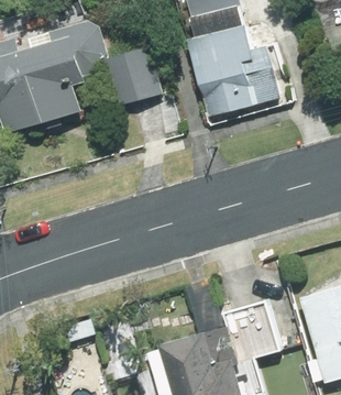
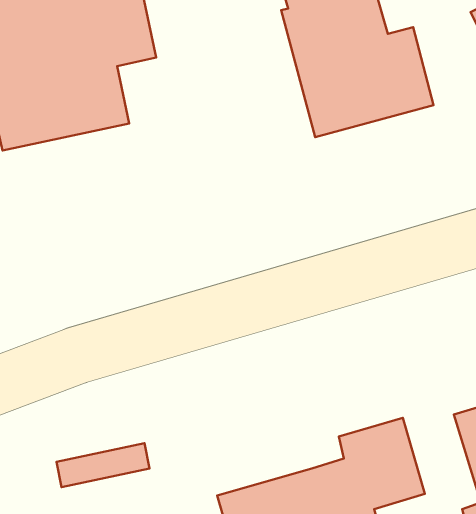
building: [106,45,165,106] -> none

